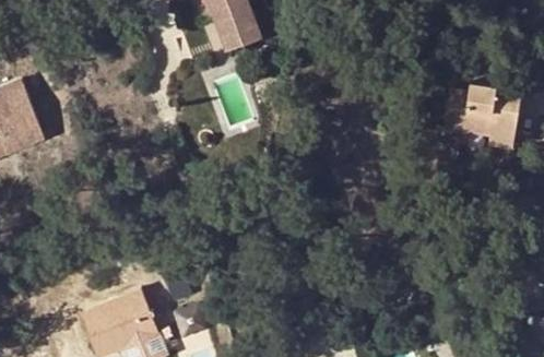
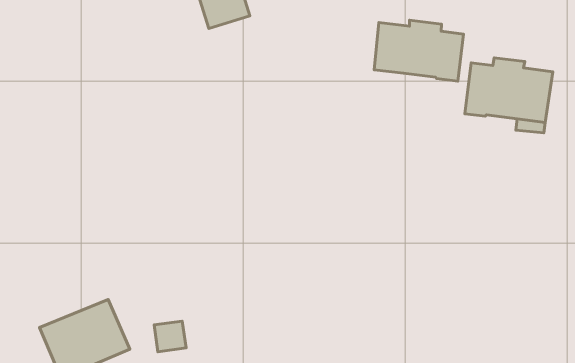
building: none -> [374,20,464,81]

